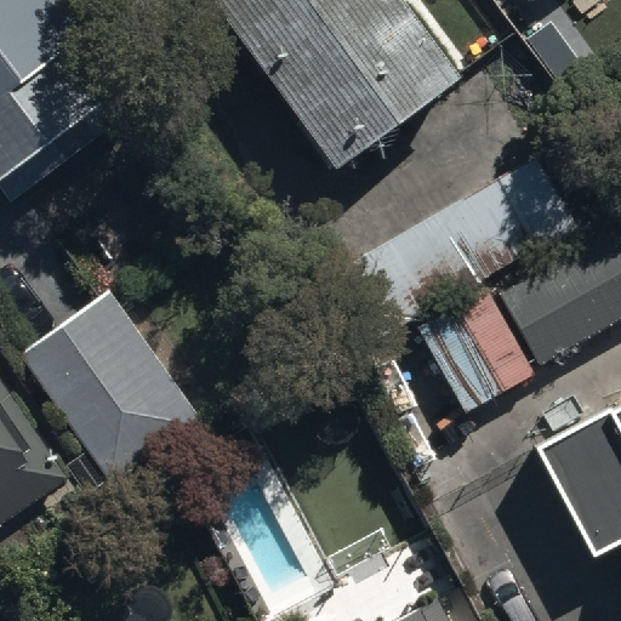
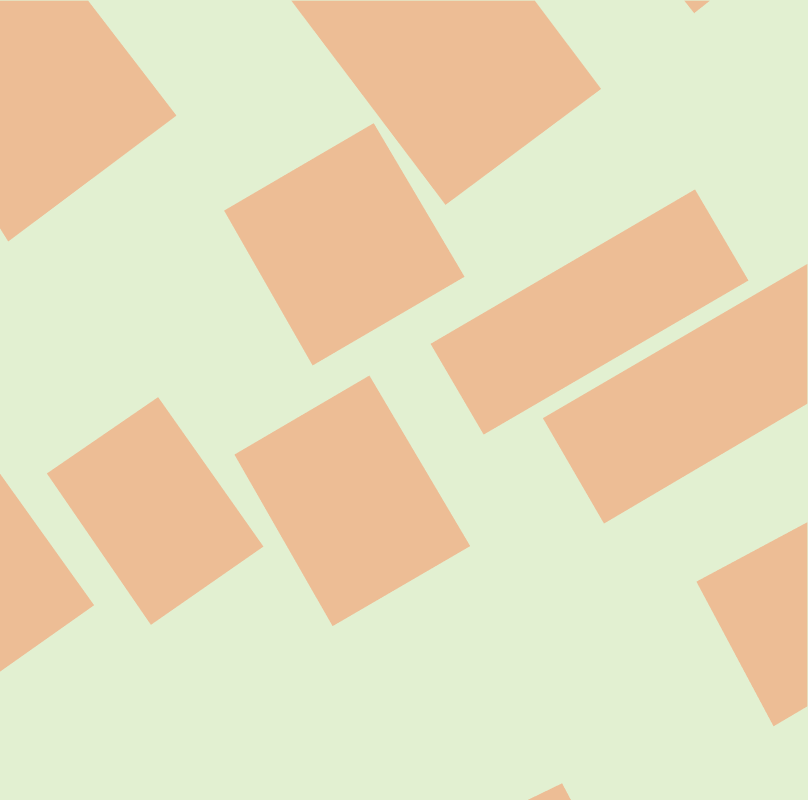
building: none -> [223,122,466,367]
building: none -> [233,374,471,627]

